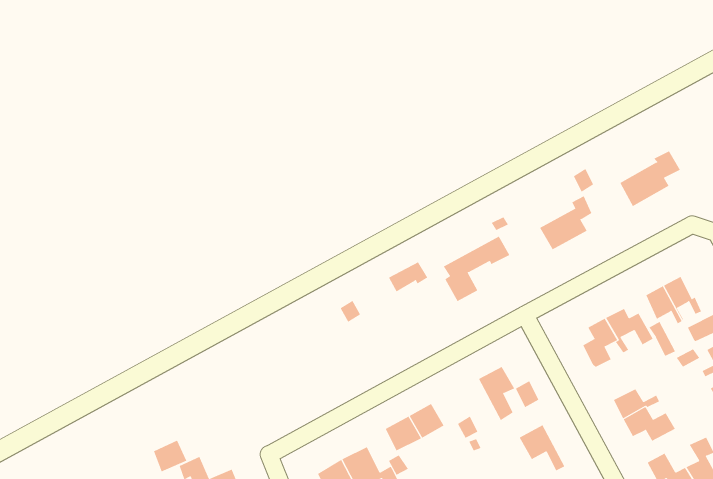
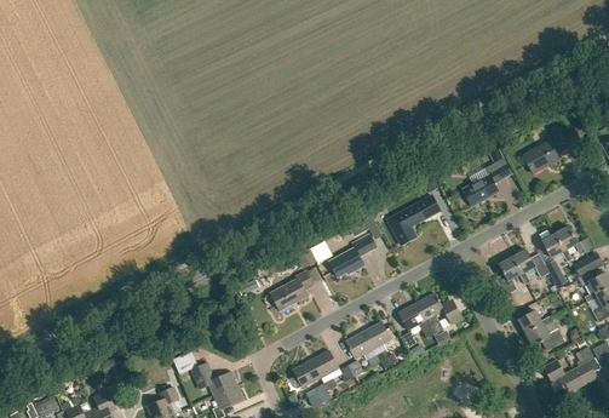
building: none -> [329,235,374,276]
building: none -> [270,270,315,310]
building: [519,425,565,471] -> [398,303,433,338]

